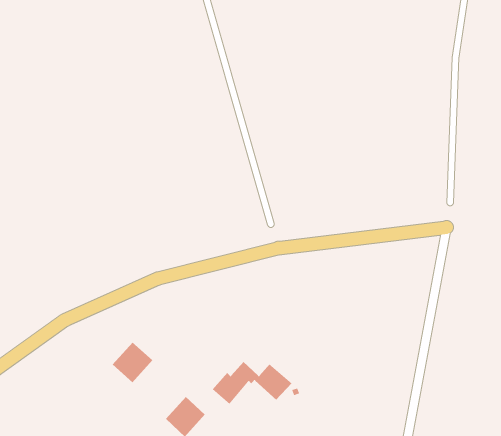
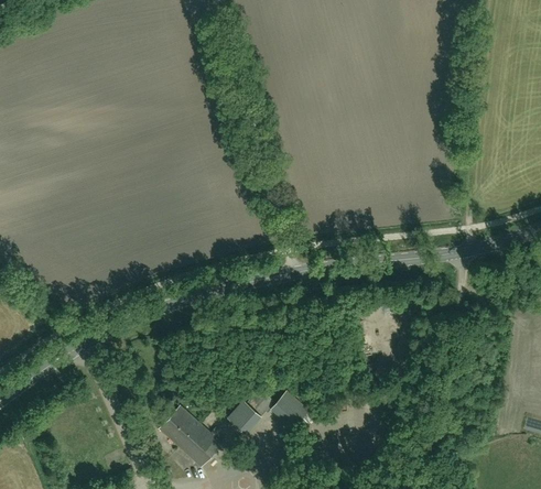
building: [112,342,153,383] -> [160,406,202,448]

